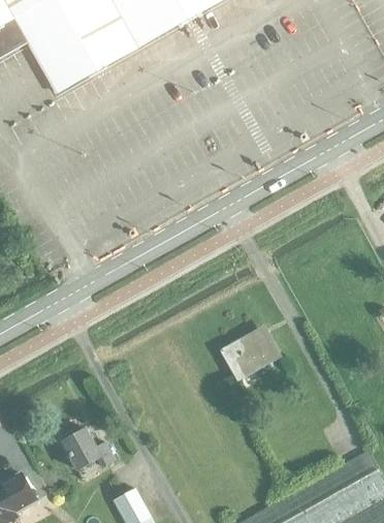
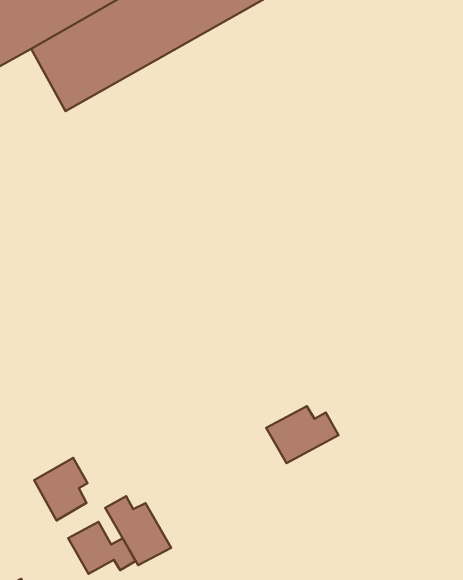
building: none -> [34,458,88,520]
building: none -> [105,496,171,565]

